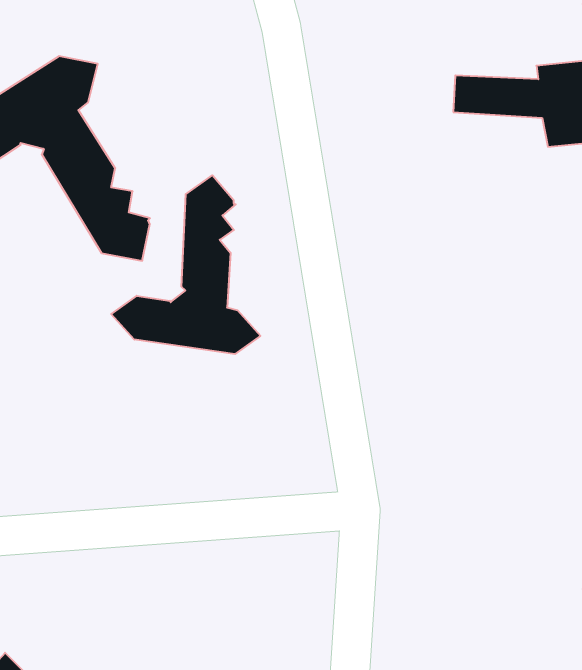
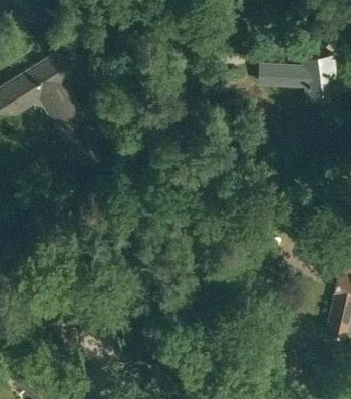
building: [111,175,260,354] -> none

